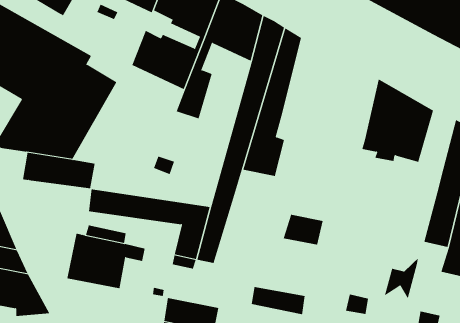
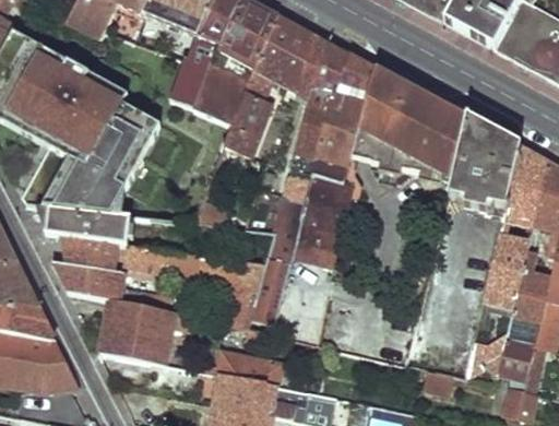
building: none -> [349,69,461,187]
building: none -> [508,153,550,221]
building: none -> [52,234,121,296]
building: none -> [486,237,530,305]
building: [283,214,323,245] -> [295,222,342,258]
building: none -> [497,330,534,376]
building: [251,286,306,315] -> [216,348,280,381]

